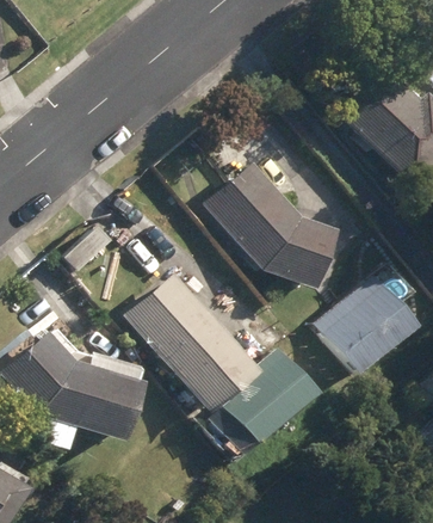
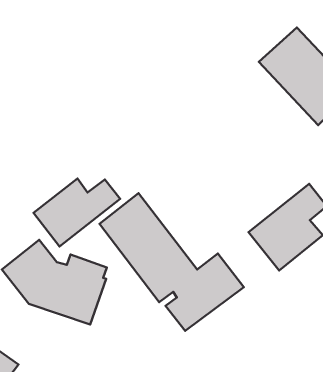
building: [208,165,333,288] -> none
building: none -> [33,179,120,246]

